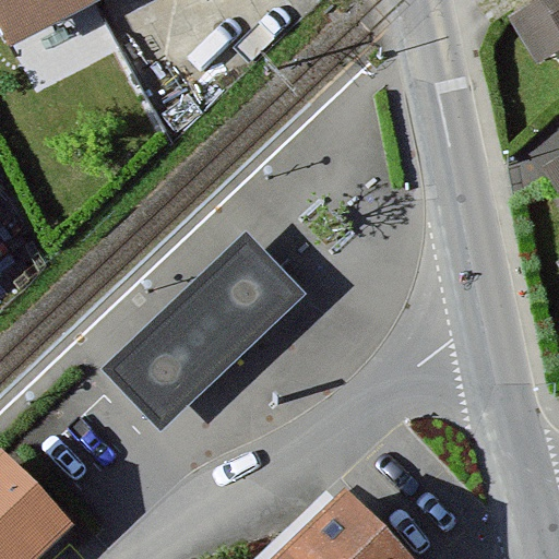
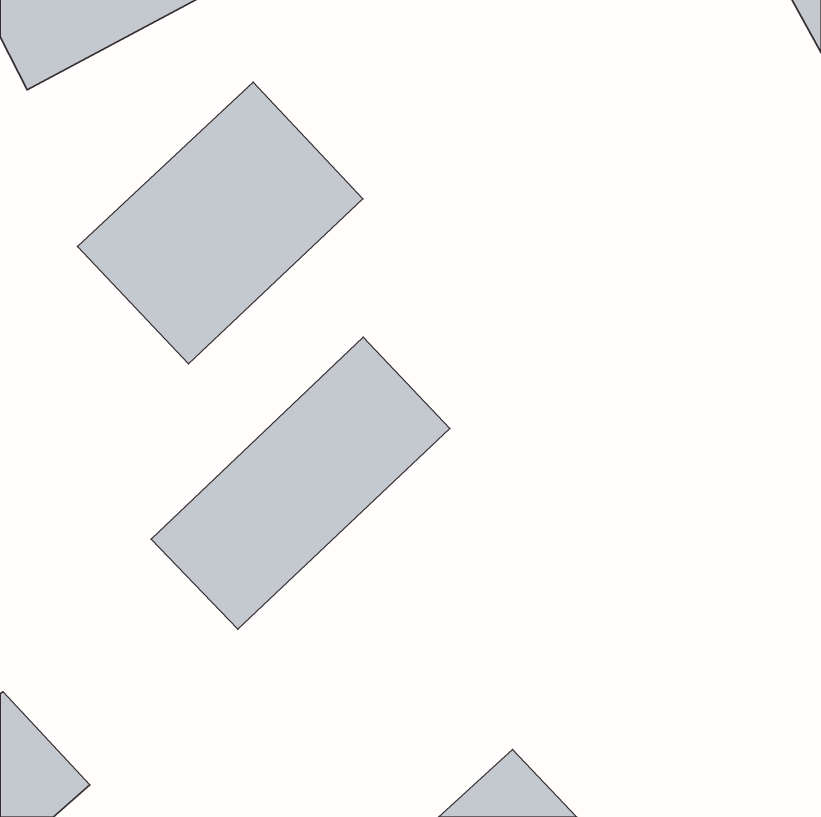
building: none -> [77,82,363,364]

